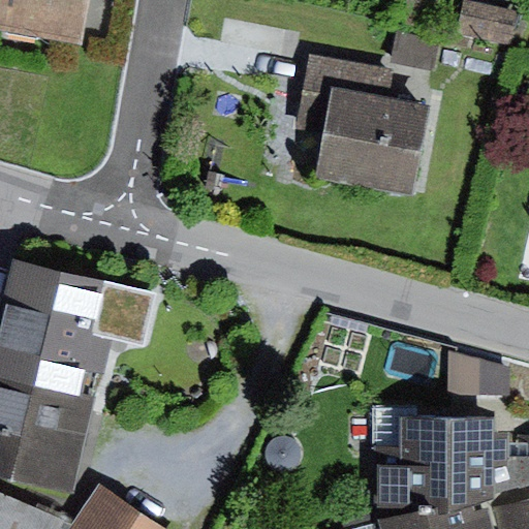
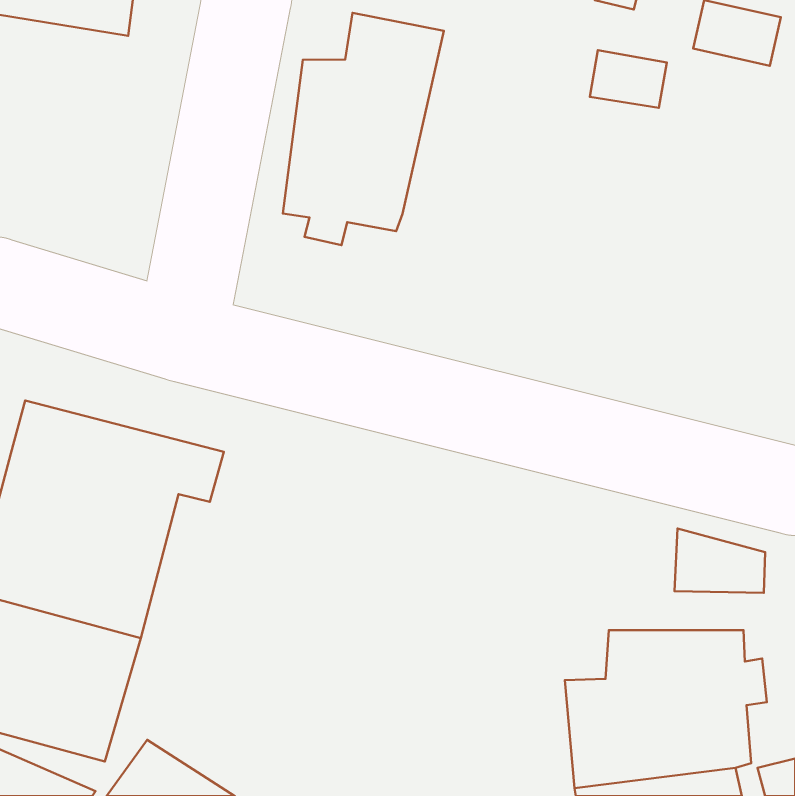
building: none -> [283,13,444,245]
building: [292,55,436,196] -> none

